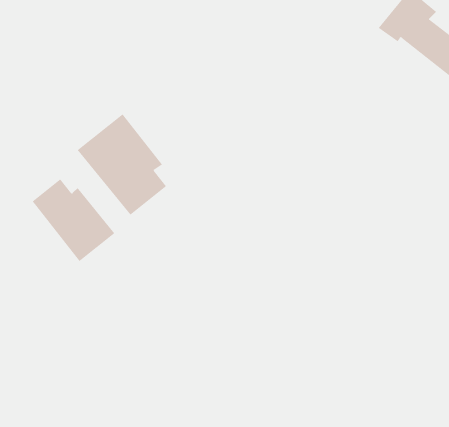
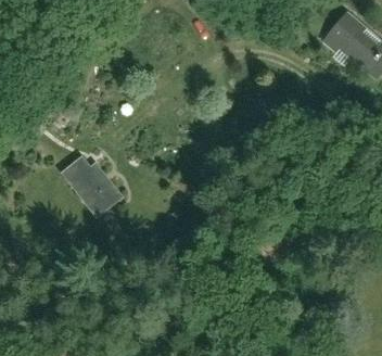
building: [77,114,167,216] -> none

